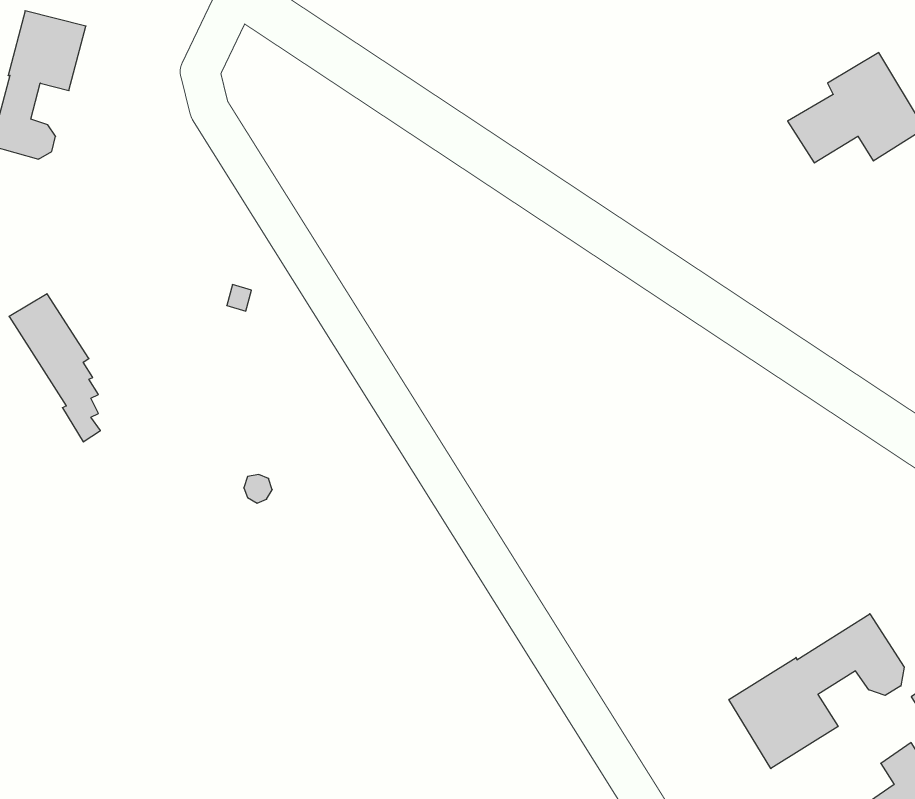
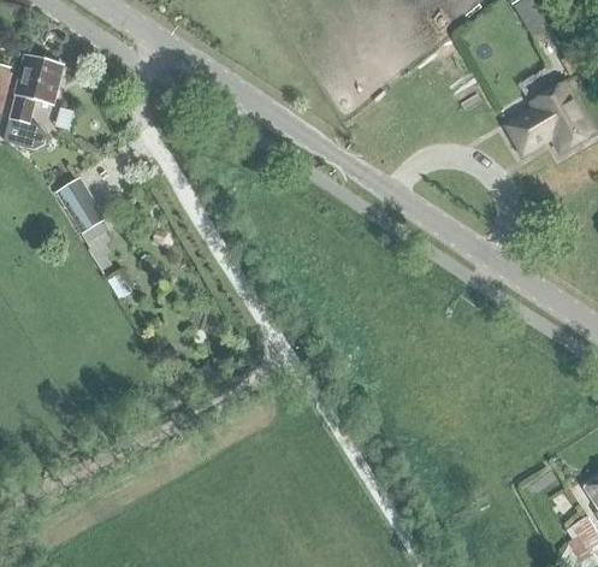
building: [9,294,100,442] -> [55,177,113,271]
building: [729,614,904,769] -> none

